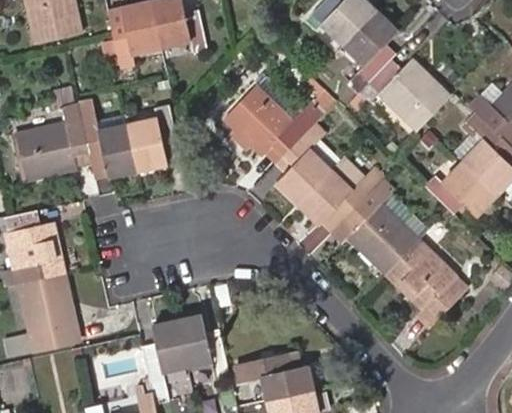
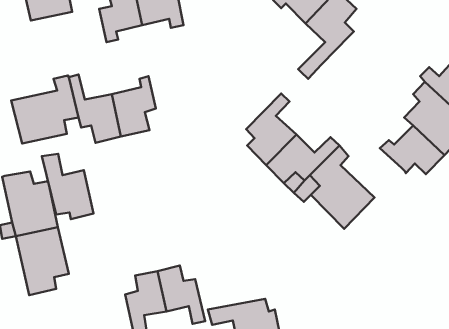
building: [360,57,450,130] -> none
building: [226,86,335,164] -> none
building: none -> [42,154,94,219]
building: [385,240,466,328] -> none

